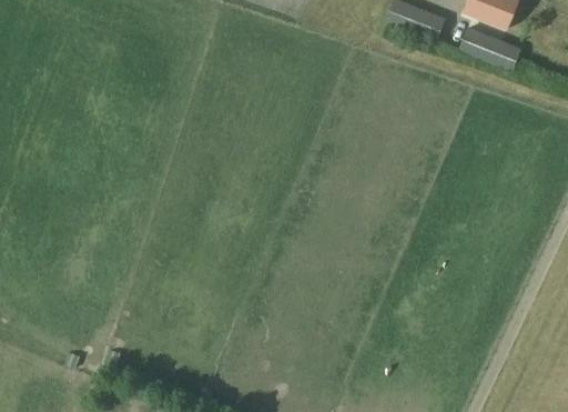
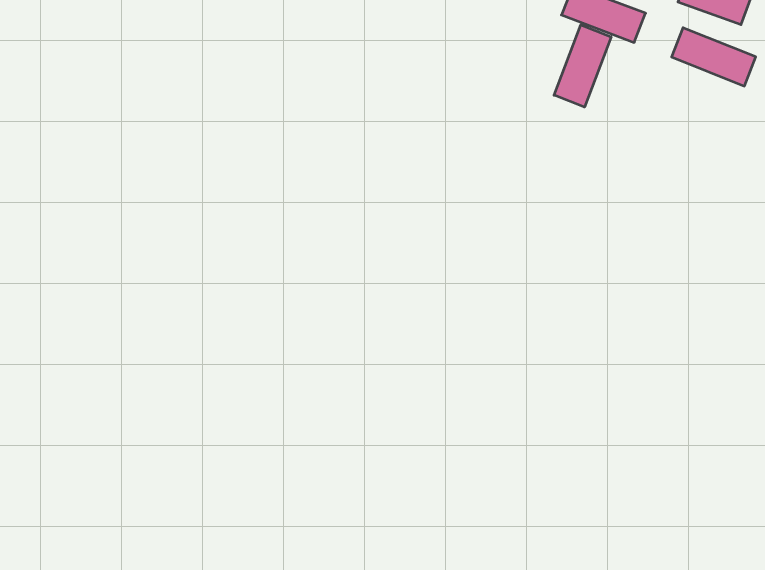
building: none -> [554,25,611,107]

